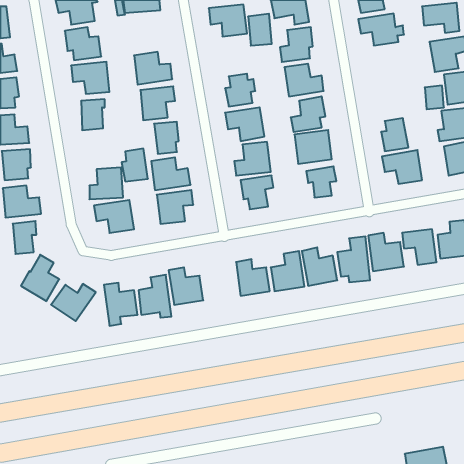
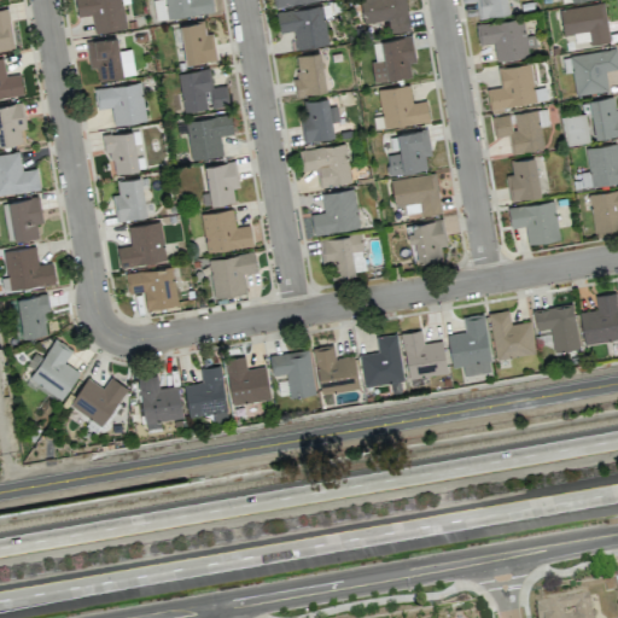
building: [248,14,272,46] -> [296,53,327,95]
building: none -> [181,23,218,65]
building: none -> [489,64,538,110]
building: none -> [494,110,550,153]
building: [122,149,148,181] -> [113,177,148,221]
building: none -> [270,350,317,398]

